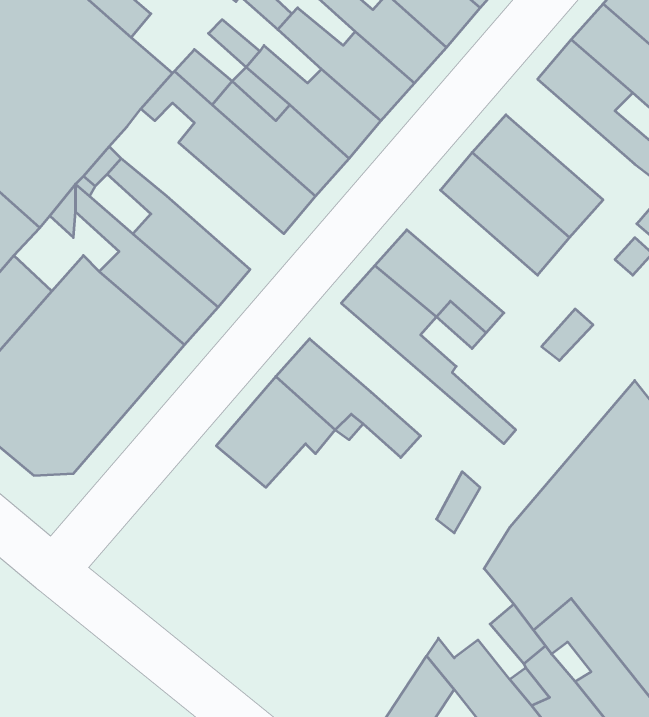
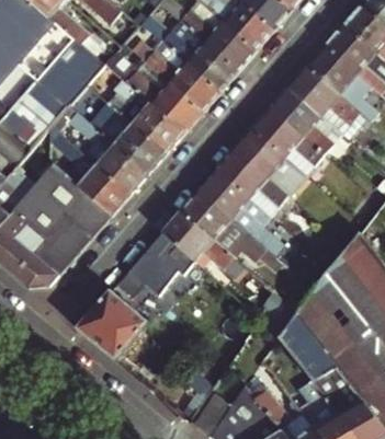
building: none -> [288,67,360,134]
building: none -> [79,83,166,172]
building: none -> [234,128,306,196]
building: none -> [180,190,287,277]
building: none -> [78,290,148,370]

